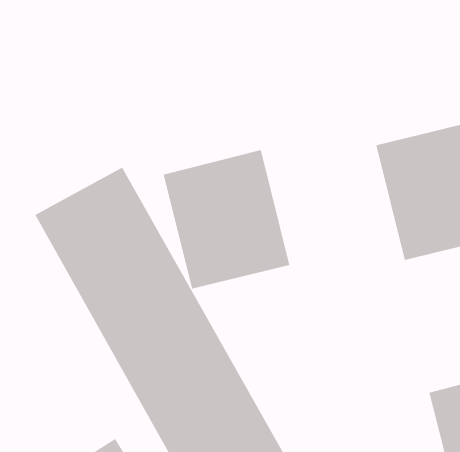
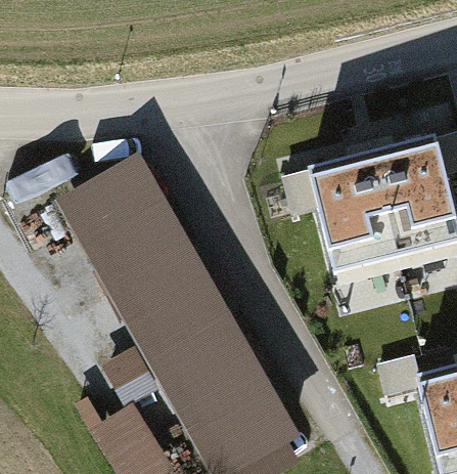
building: [163,149,290,289] -> [284,152,398,276]

